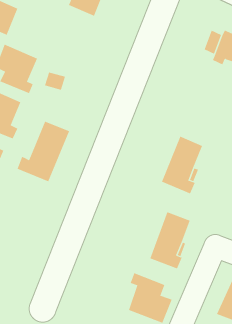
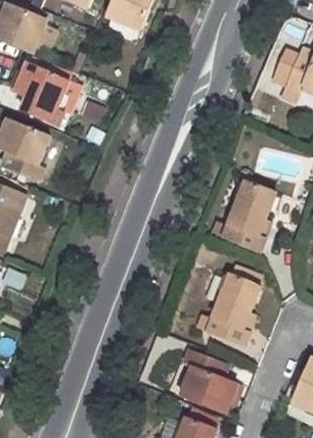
building: [17,121,70,182] -> none

